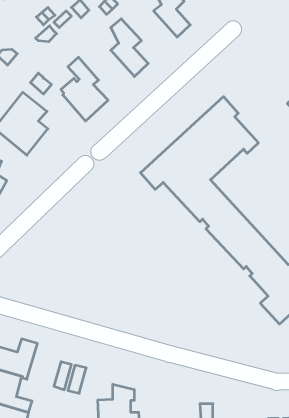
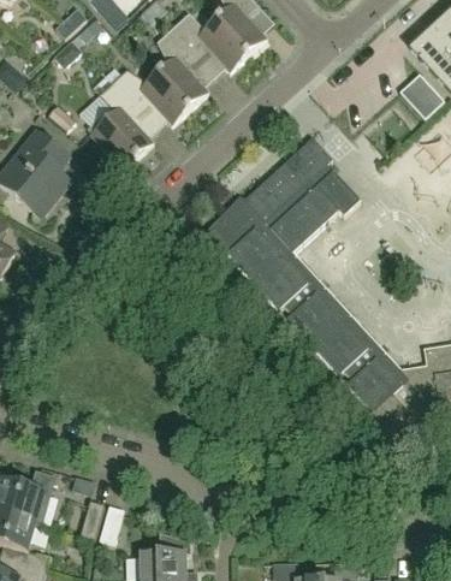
building: none -> [172,12,249,71]
building: none -> [113,69,190,125]

